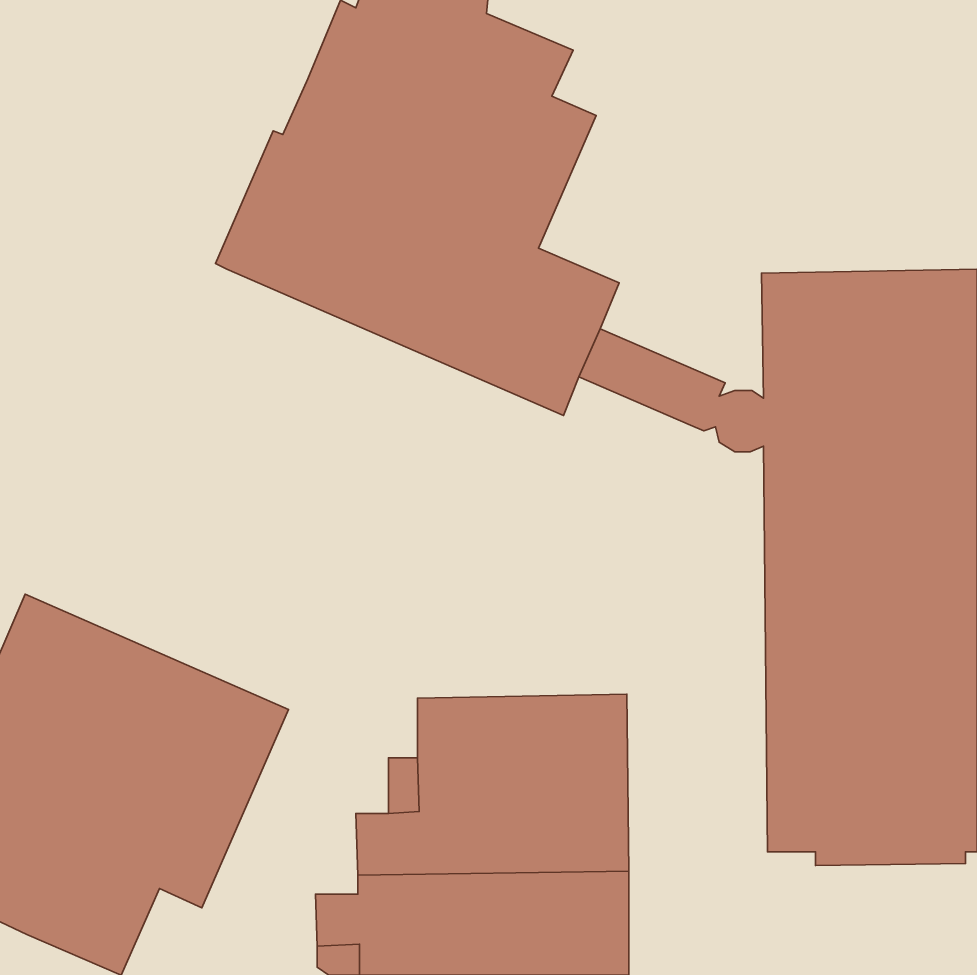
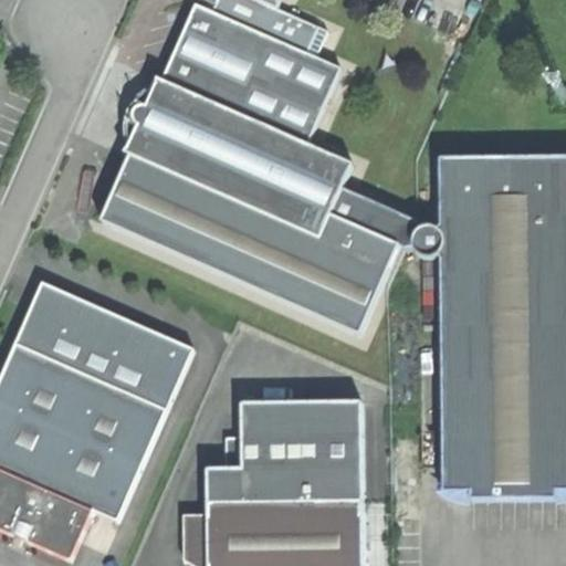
building: none -> [102,155,397,334]
building: none -> [14,283,192,408]

